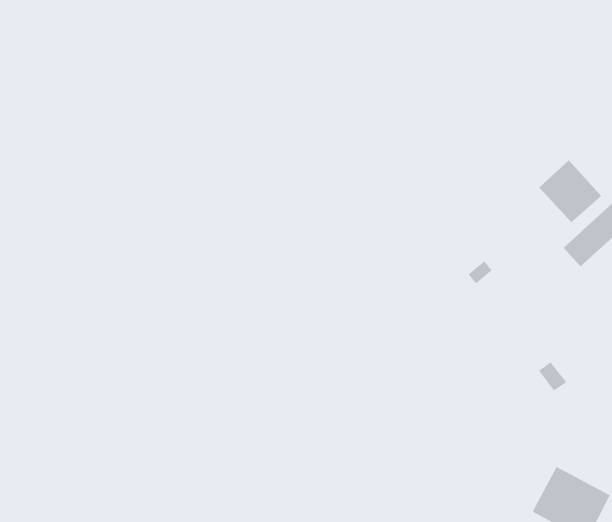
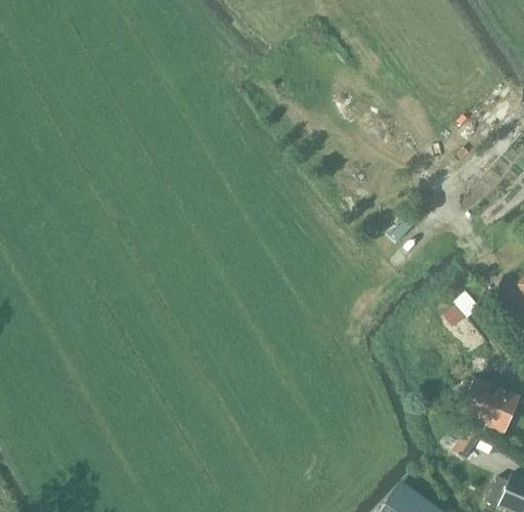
building: [539,160,602,223] -> none

